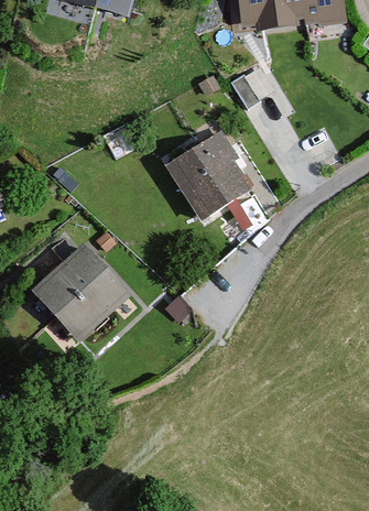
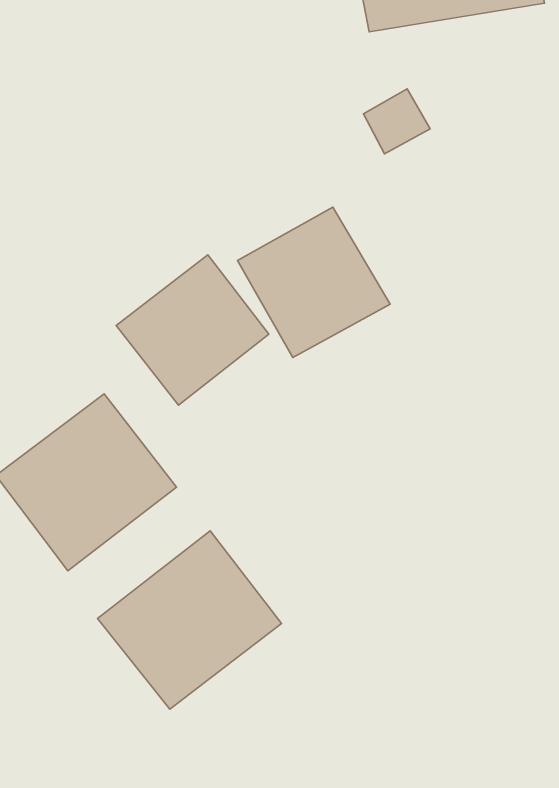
building: none -> [116,255,269,405]
building: none -> [98,531,282,709]

